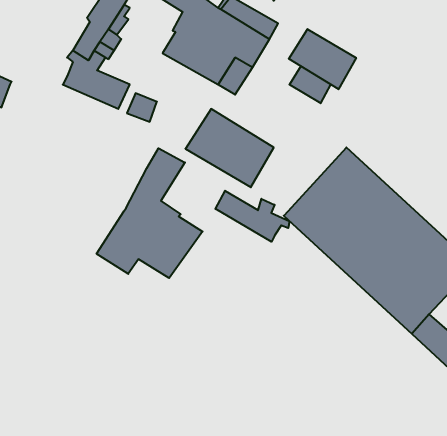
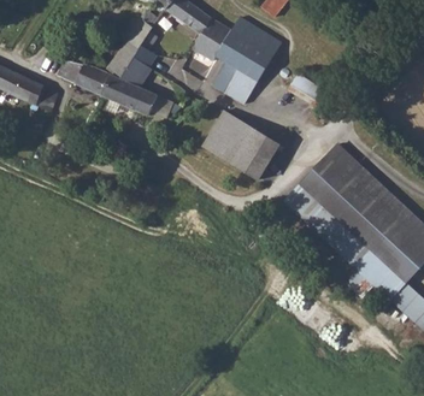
building: [289,29,356,89] -> none
building: none -> [52,54,106,91]
building: [97,148,203,278] -> none
building: [215,191,289,242] -> none

